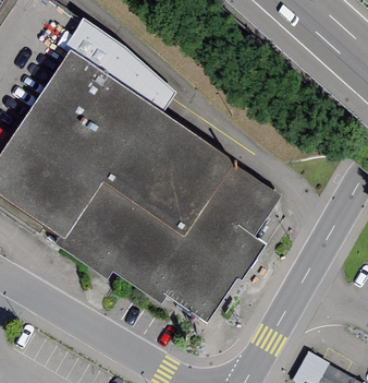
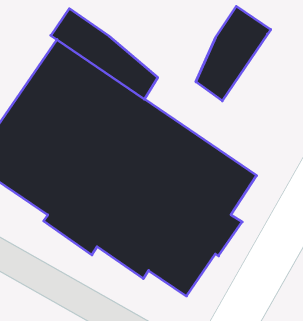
building: none -> [196,6,271,101]

